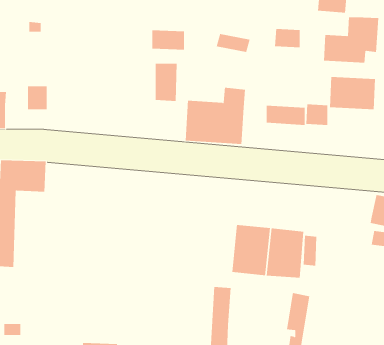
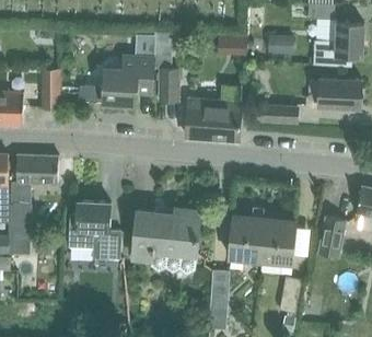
building: none -> [79,56,154,104]
building: none -> [68,200,121,258]
building: none -> [132,208,200,272]
building: none -> [317,217,346,257]

